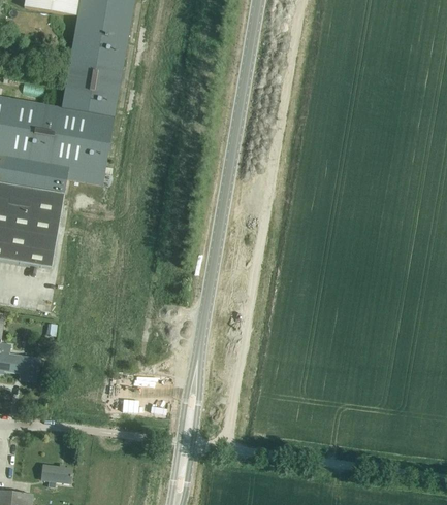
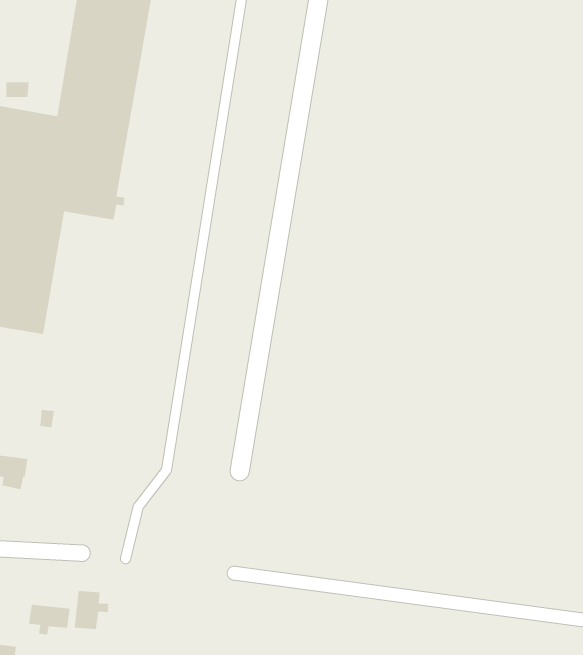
building: none -> [74,590,109,630]

